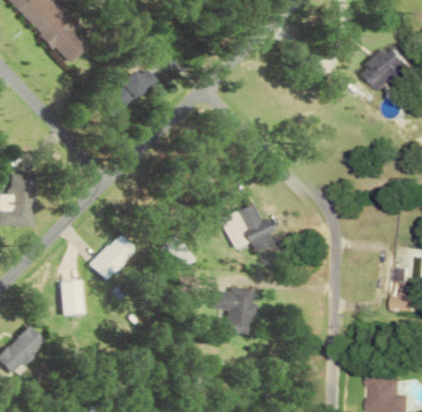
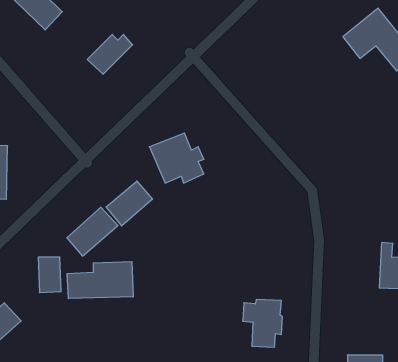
building: [223,204,275,252] -> [149,133,204,183]
building: none -> [106,181,153,226]
building: none -> [67,262,133,299]
building: [219,288,257,334] -> [243,299,282,347]

